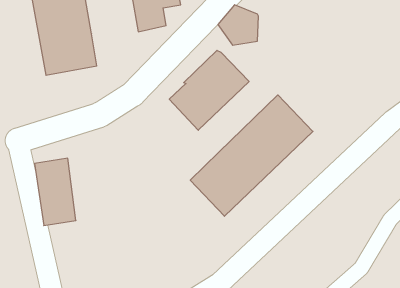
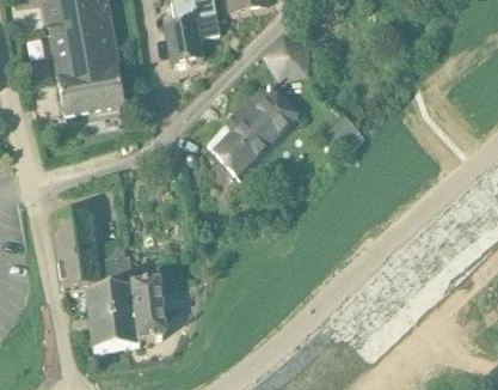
building: [190,95,313,216] -> none
building: none -> [86,255,166,348]

